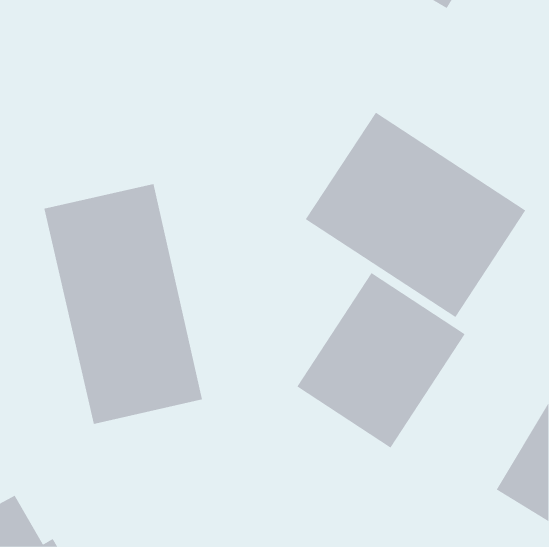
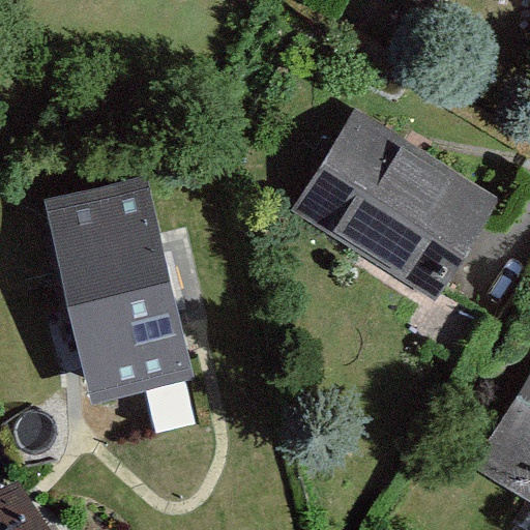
building: [297,272,466,448] -> none

